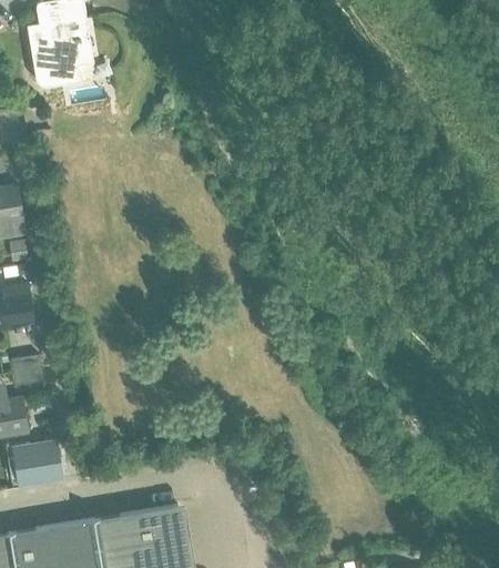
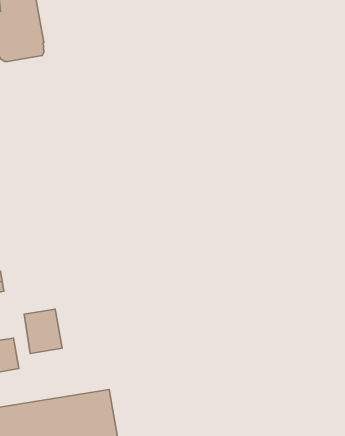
building: none -> [24,309,62,353]

